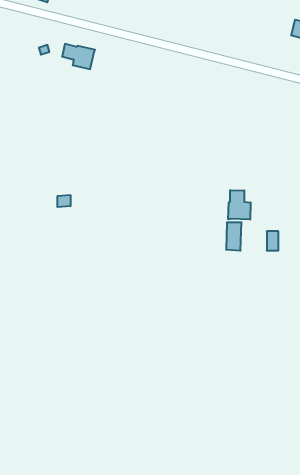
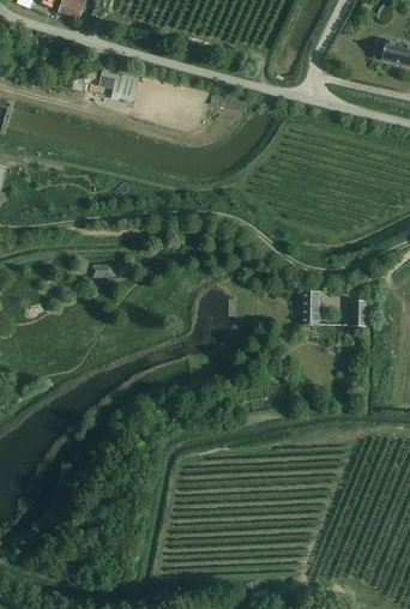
building: [228,190,251,220] -> none

